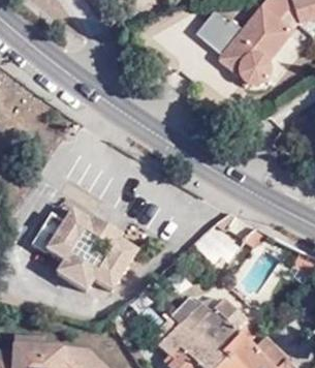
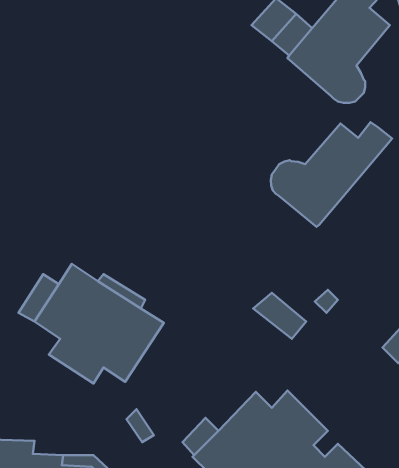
building: none -> [271,122,392,227]

